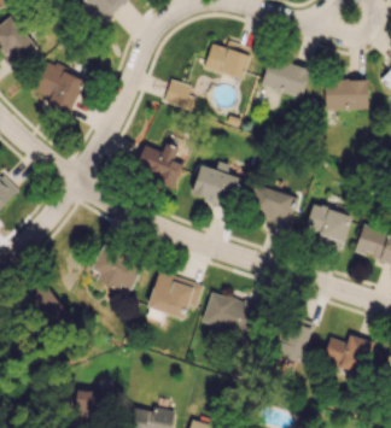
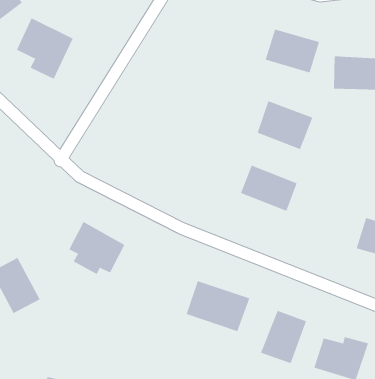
building: [204,41,253,80] -> none
building: [163,78,197,112] -> none
building: [134,142,185,186] -> none
building: [192,165,243,209] -> [257,100,313,150]
building: [307,204,354,250] -> none
building: [148,271,203,318] -> none

